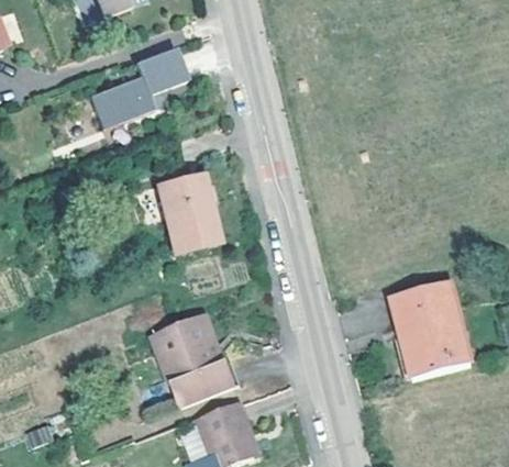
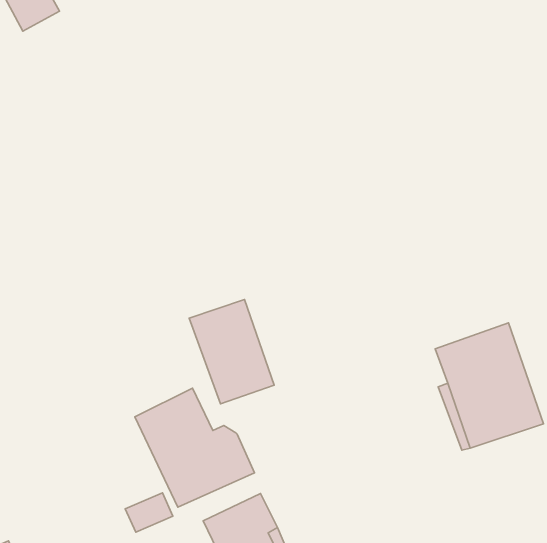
building: [81,49,178,130] -> none
building: [156,170,218,249] -> [189,300,274,404]

